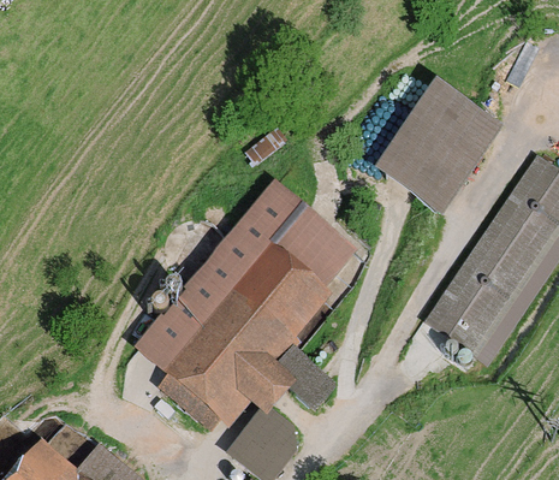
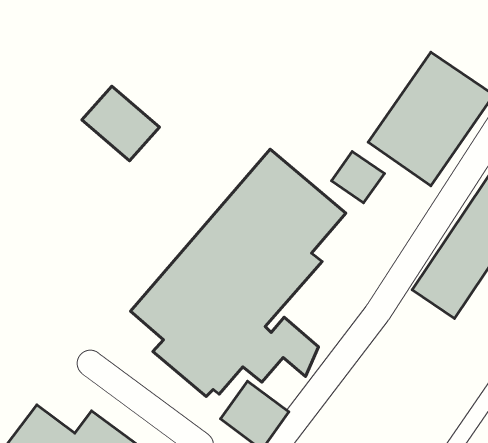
building: none -> [82,86,159,161]
building: none -> [331,152,384,203]

